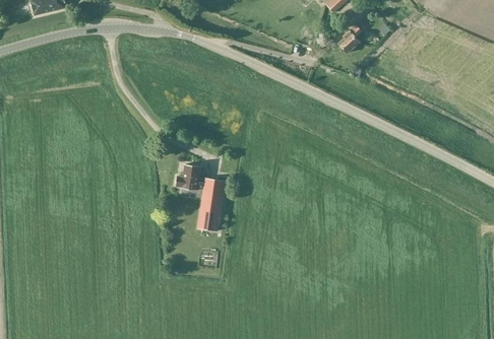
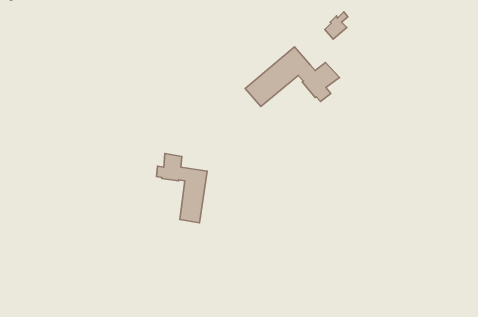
building: none -> [245,47,339,107]

